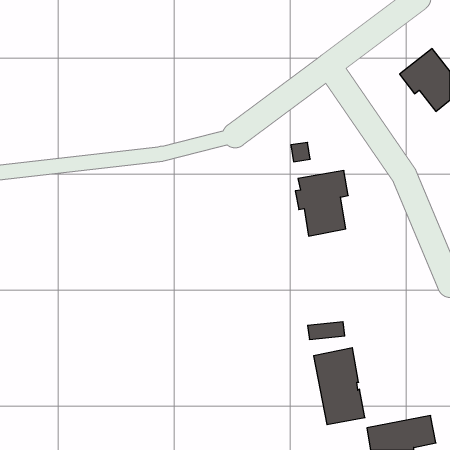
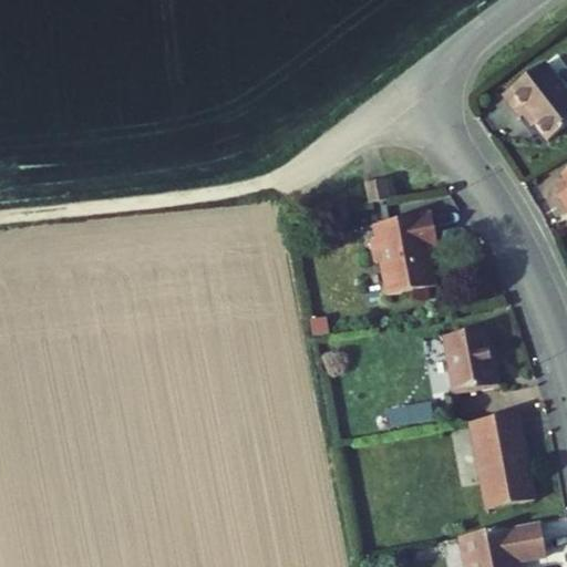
building: none -> [443,327,497,393]
building: [314,348,365,425] -> [467,412,532,508]

